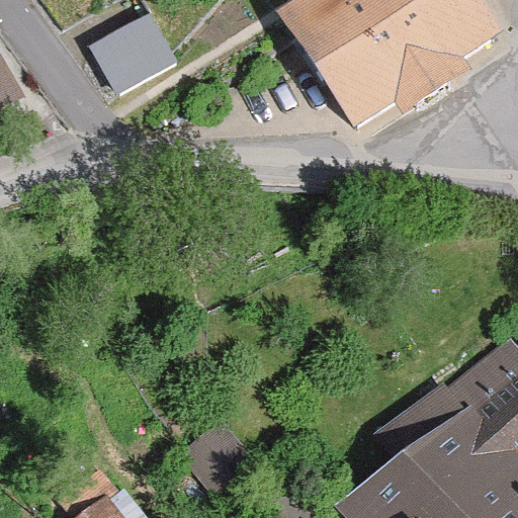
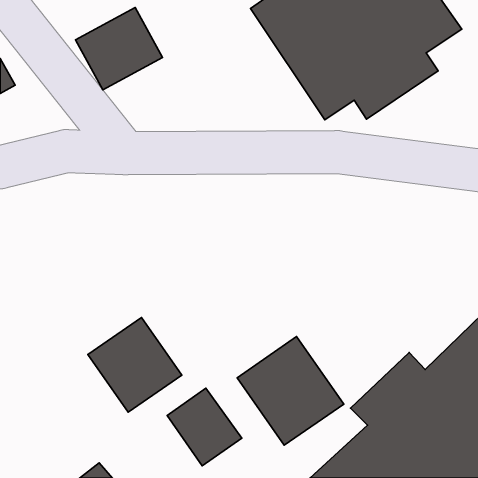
building: none -> [88,317,182,412]
building: none -> [237,337,344,445]

